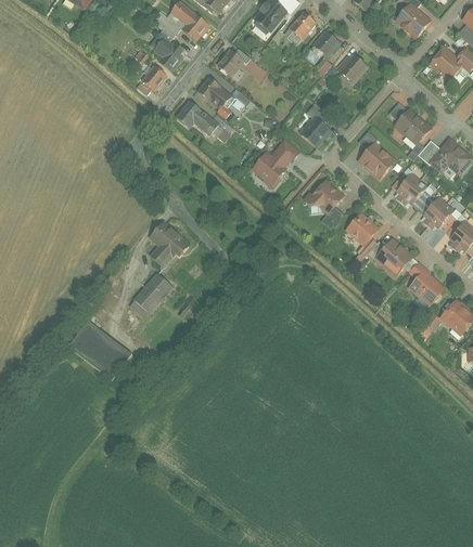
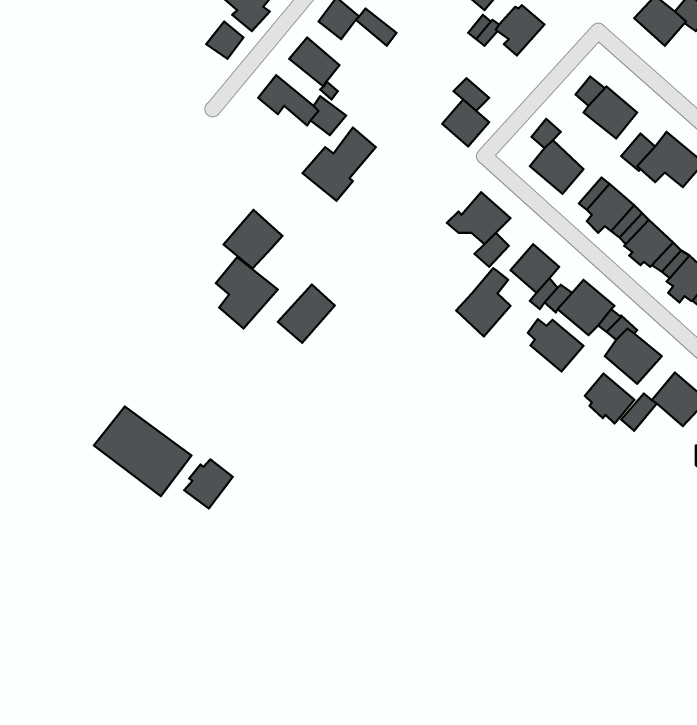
building: [251,138,299,186] -> [302,128,376,201]
building: none -> [224,210,283,268]
building: none -> [456,268,511,336]
building: none -> [528,319,583,371]
building: [133,273,171,312] -> [278,284,335,343]
building: none -> [585,374,635,424]
building: none -> [184,459,233,509]

